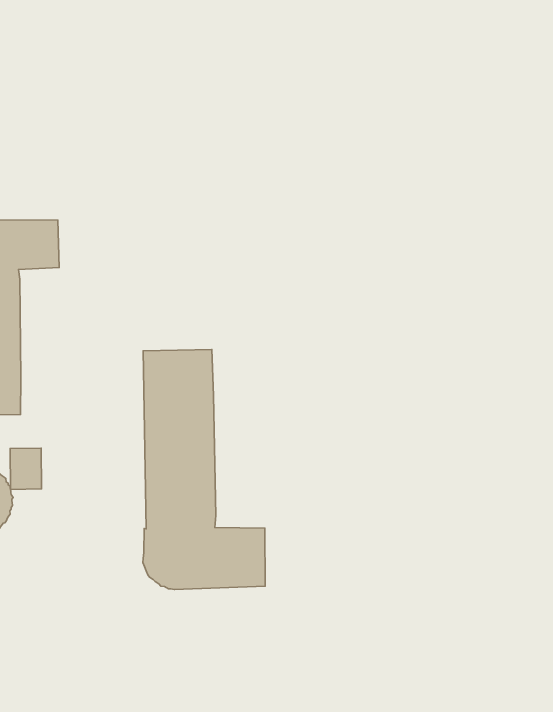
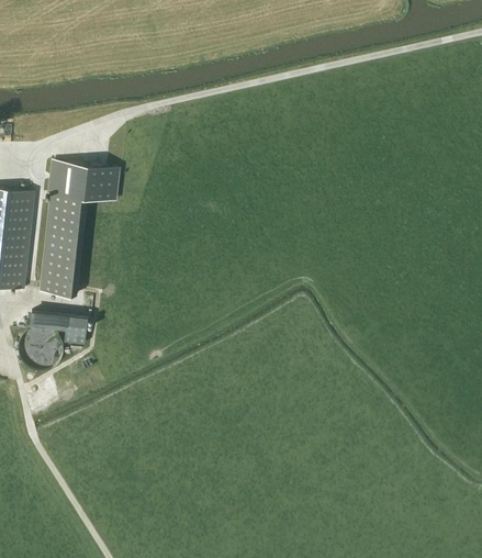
building: [143,349,265,589] -> none

